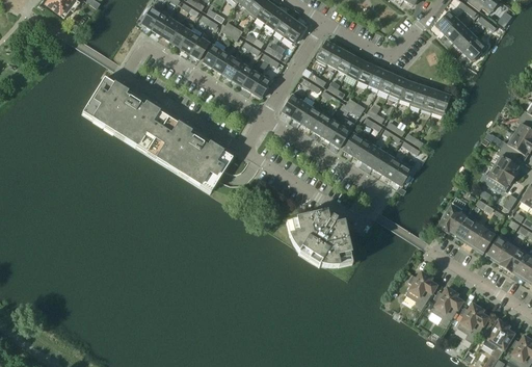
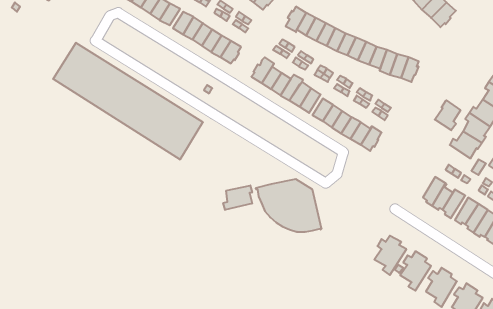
building: none -> [435,100,460,130]
building: [437,203,467,233] -> none
building: none -> [223,185,252,210]

